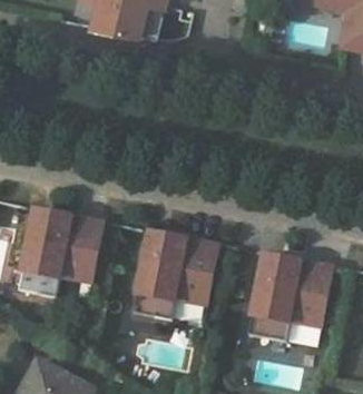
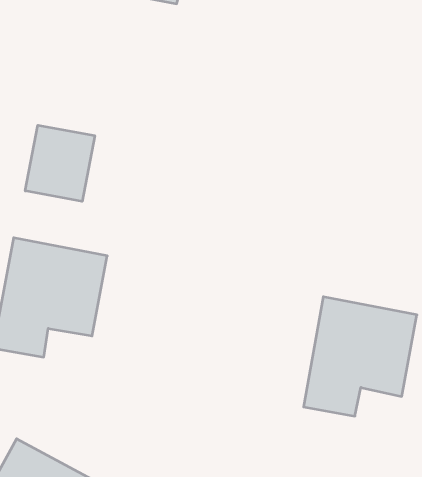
building: none -> [25,125,95,201]
building: [134,233,218,321] -> none

